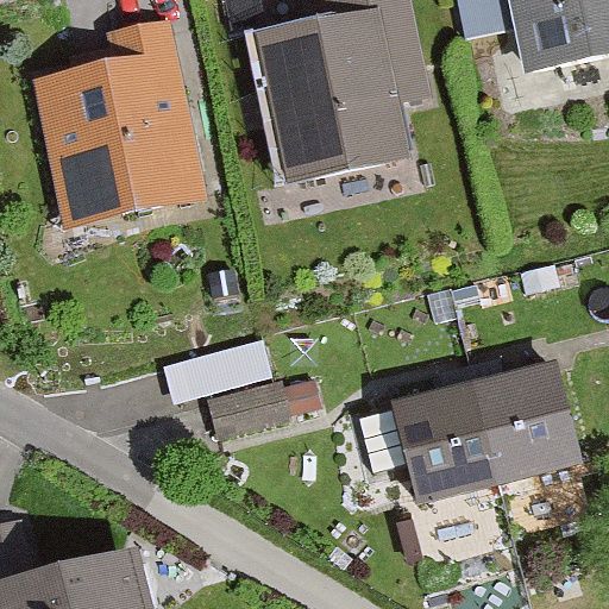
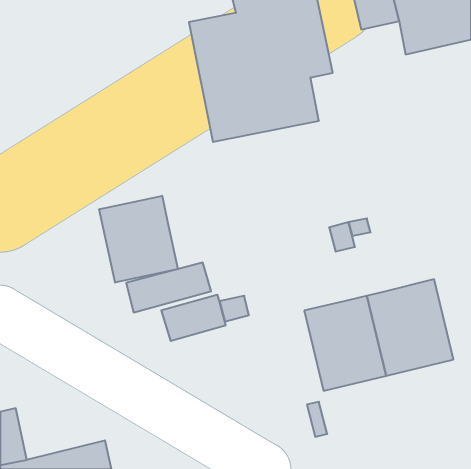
building: [30,18,209,228] -> none
building: none -> [99,196,178,283]

